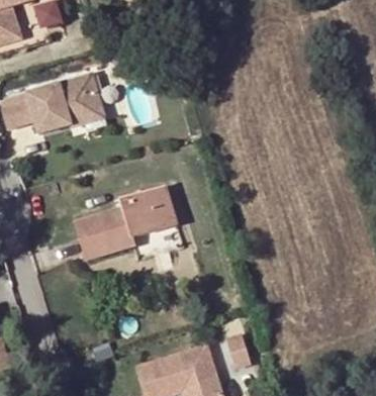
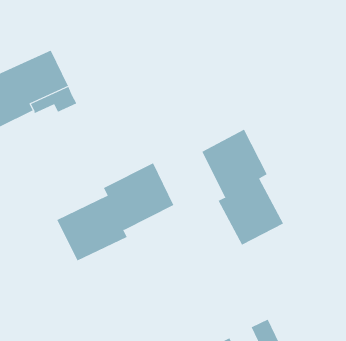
building: none -> [201,129,284,246]

